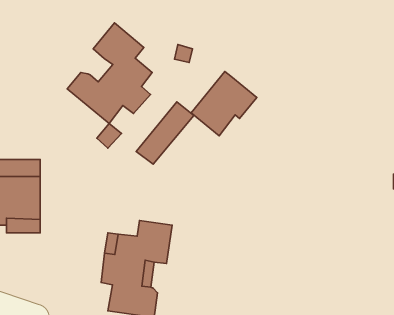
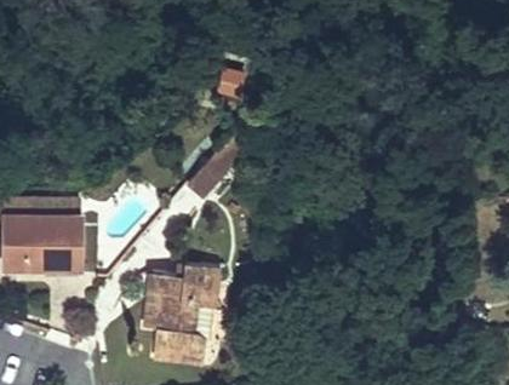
building: [67,23,152,123] -> none
building: [191,71,257,136] -> none

